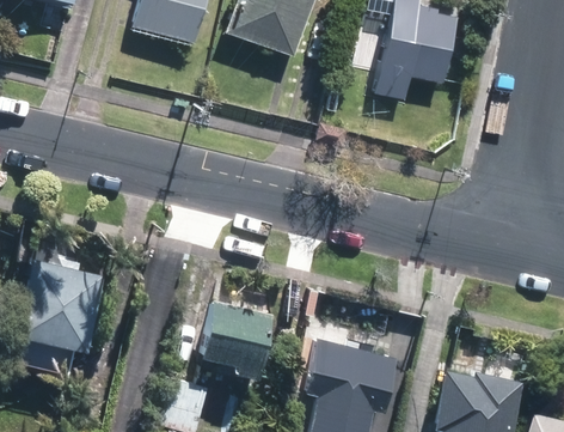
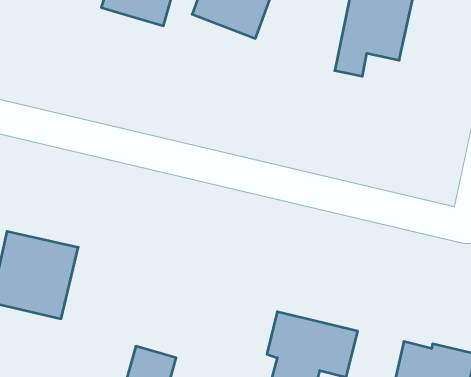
building: [201,303,277,376] -> none

